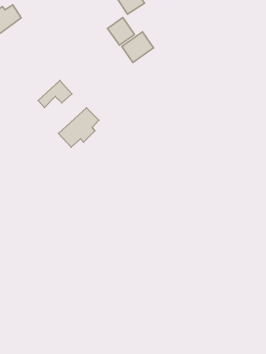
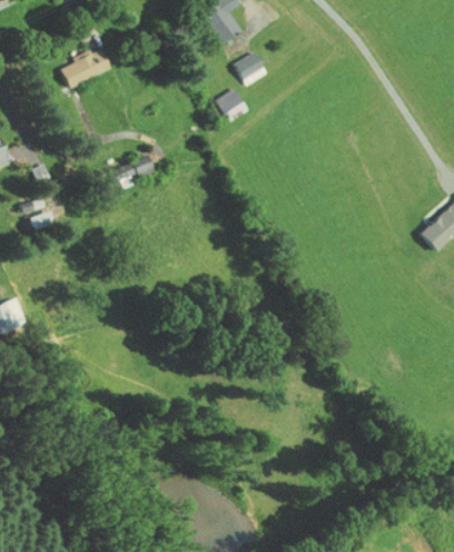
building: [122,32,154,62] -> none
building: [59,108,99,147] -> none

